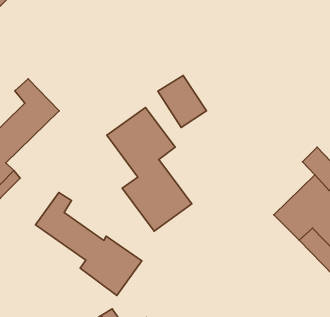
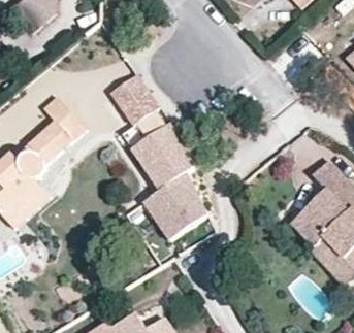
building: [158,76,207,128] -> [110,80,156,129]
building: [36,192,142,296] -> none

